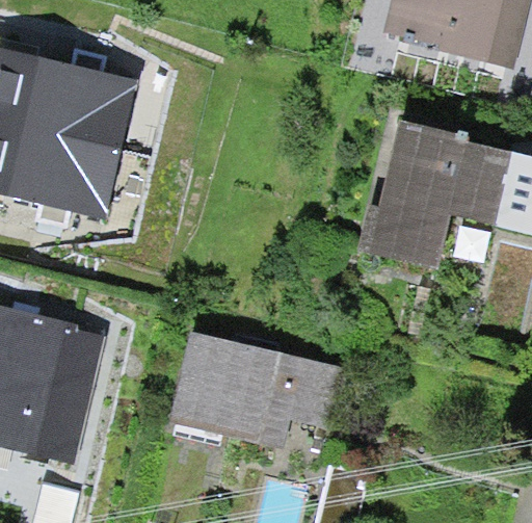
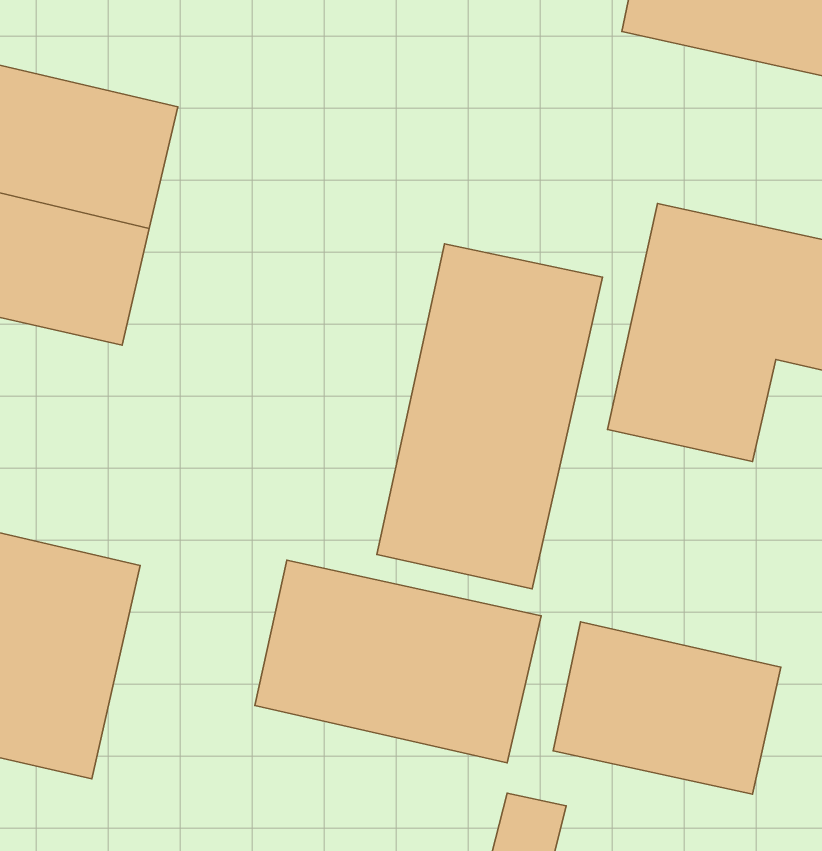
building: none -> [377,244,602,589]
building: none -> [553,622,781,794]

